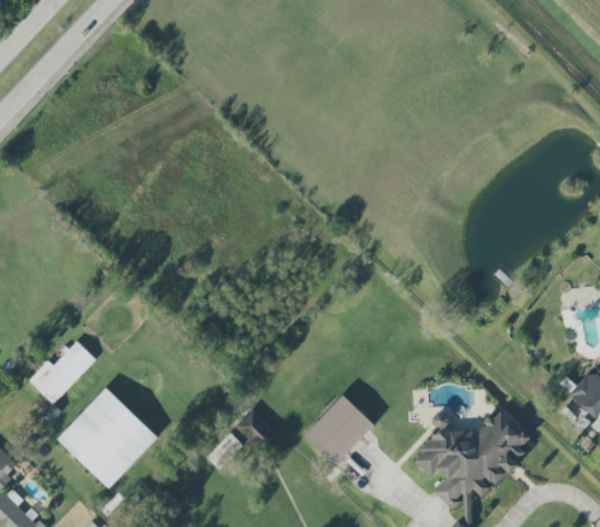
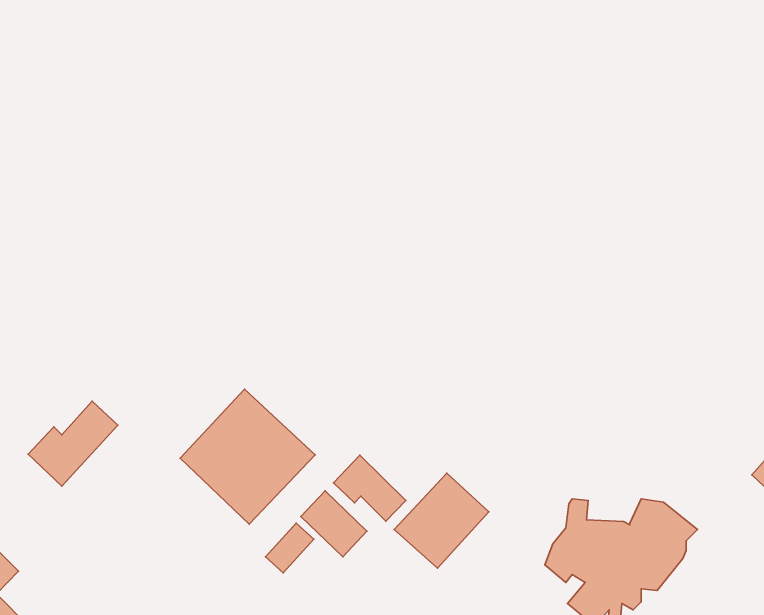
building: none -> [334,455,406,521]
building: [57,387,158,488] -> [180,389,315,524]

